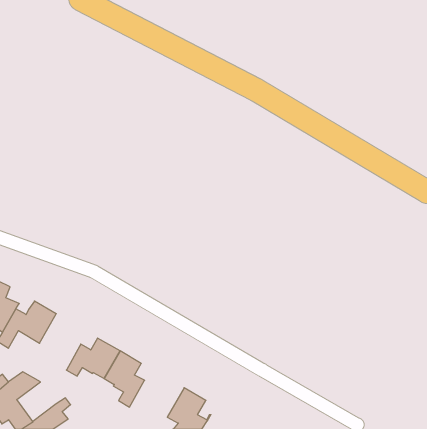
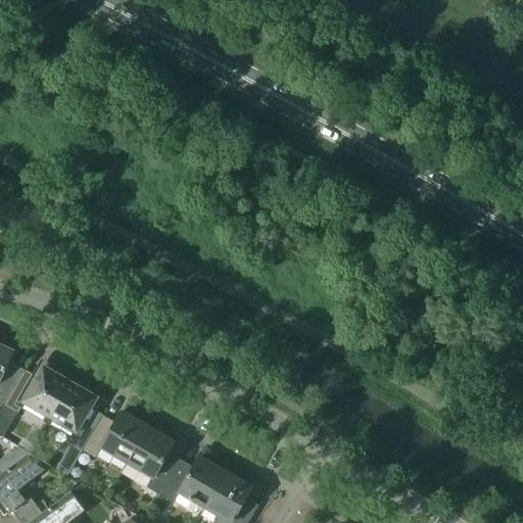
building: none -> [48,381,97,449]
building: none -> [157,456,224,507]

